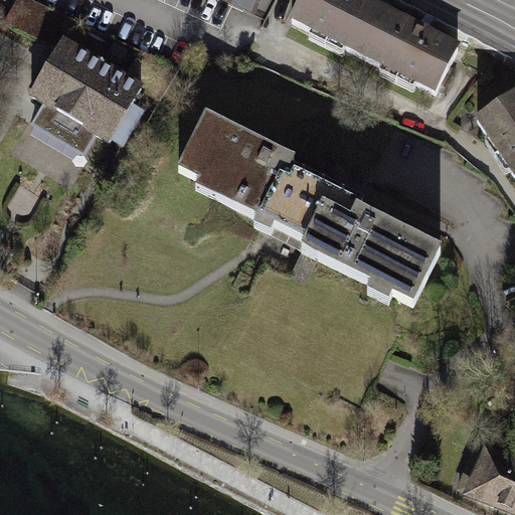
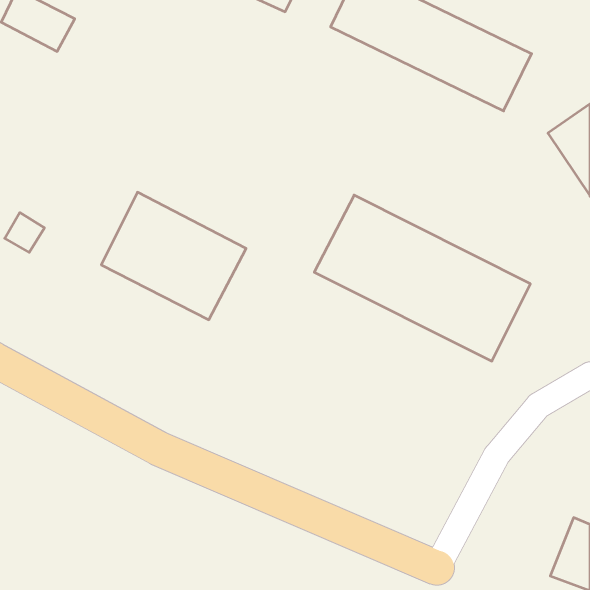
building: [23,34,155,150] -> none
building: [184,111,309,220] -> [101,192,246,320]

